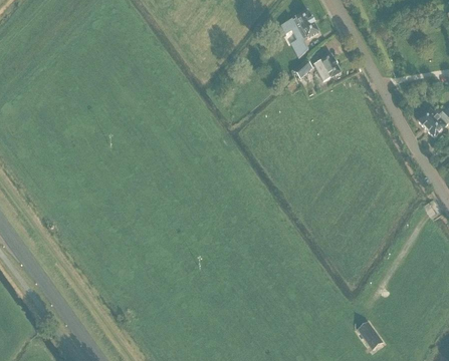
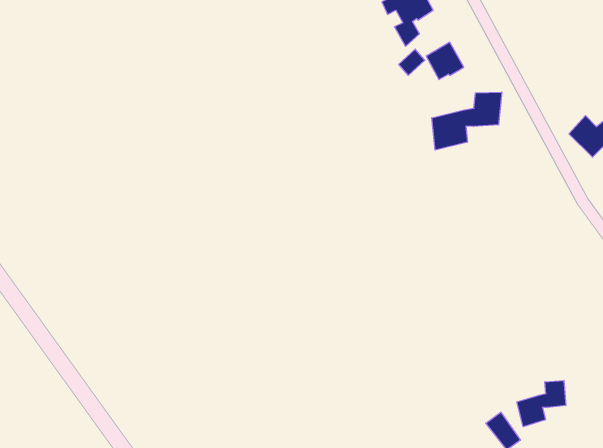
building: none -> [432,92,502,150]
building: none -> [517,380,566,427]

